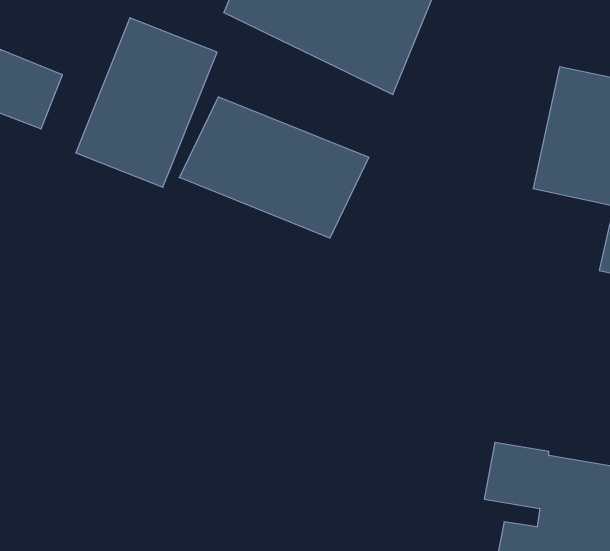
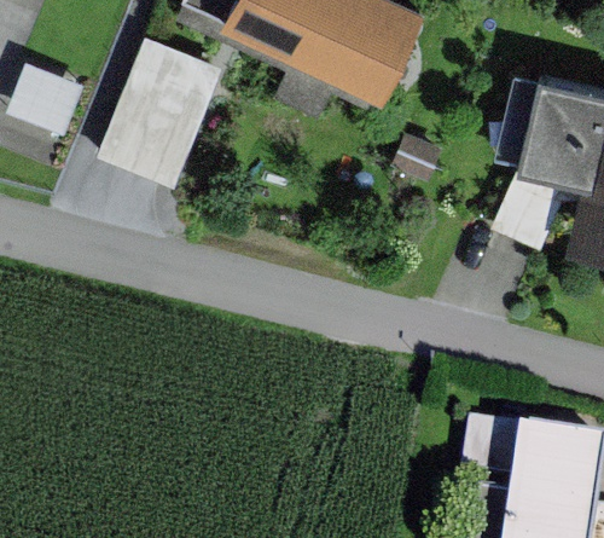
building: [179,97,369,238] -> none

